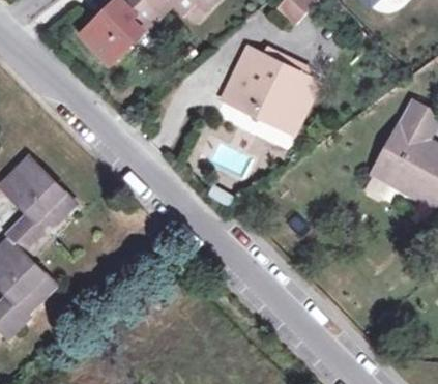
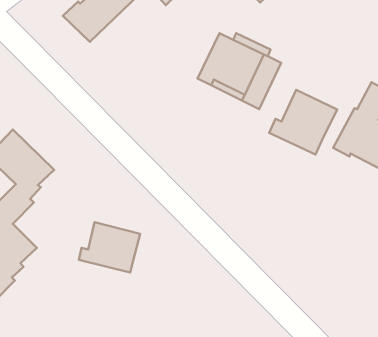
building: none -> [269,90,337,154]
building: none -> [79,222,140,272]

